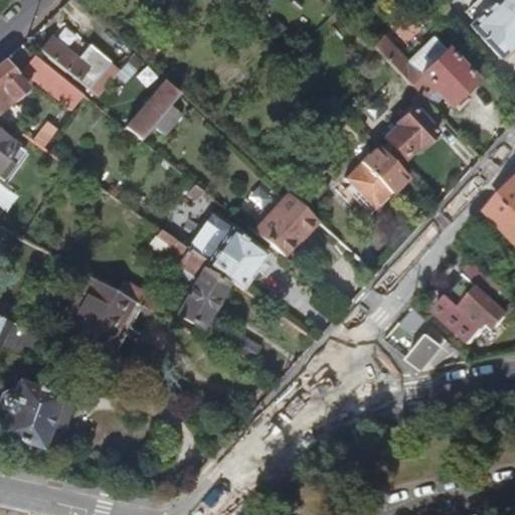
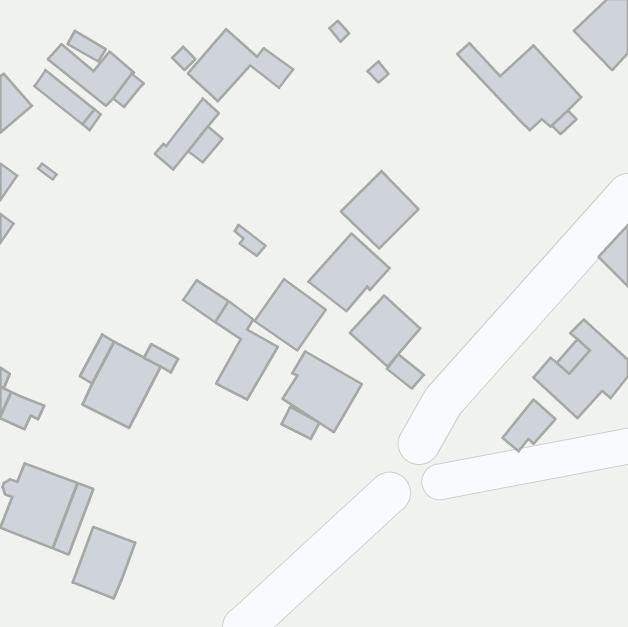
building: none -> [188,29,293,101]
building: [386,100,445,158] -> none
building: [346,145,409,208] -> [341,171,418,248]
building: [187,213,232,263] -> none
building: none -> [350,296,420,366]
building: none -> [283,351,362,432]
building: none -> [73,527,135,599]

